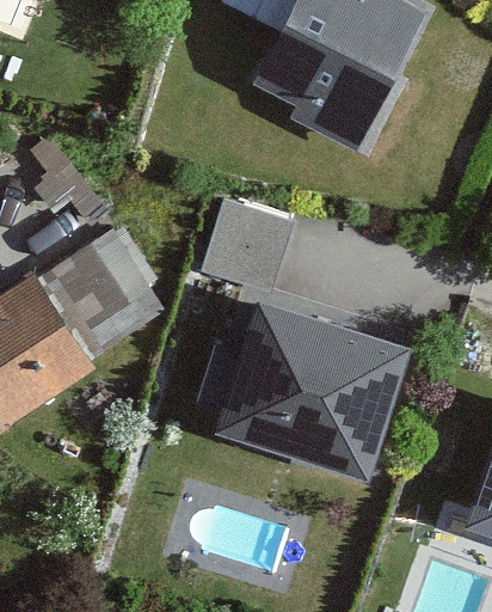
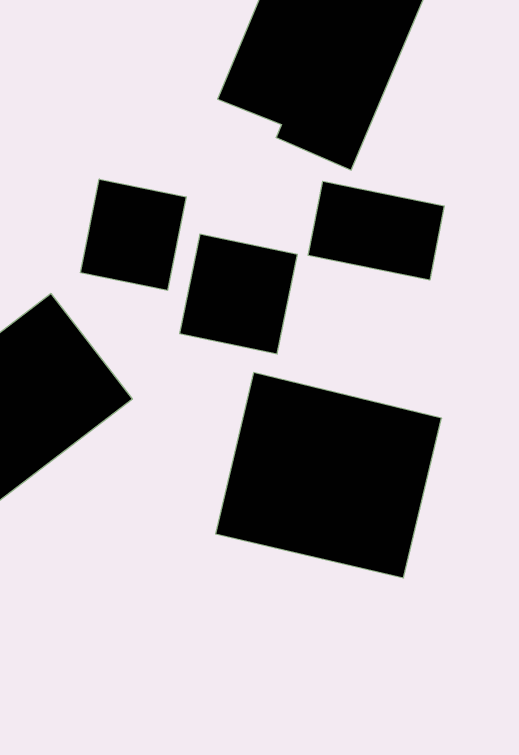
building: none -> [81,179,186,290]
building: none -> [308,181,444,280]

